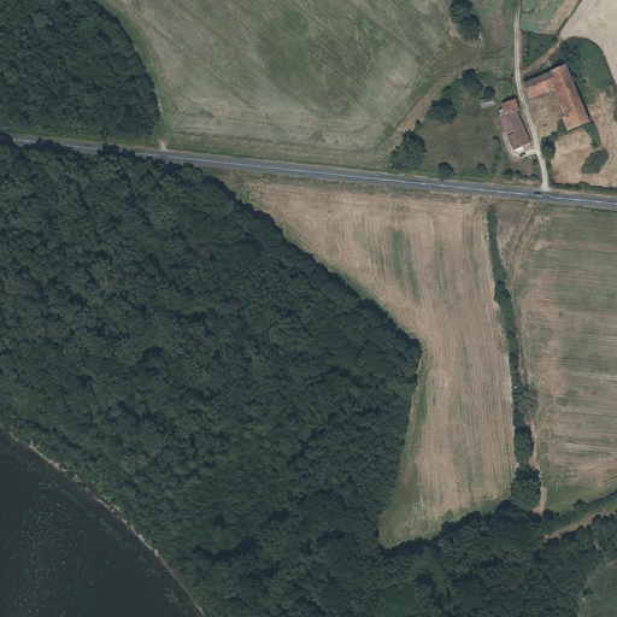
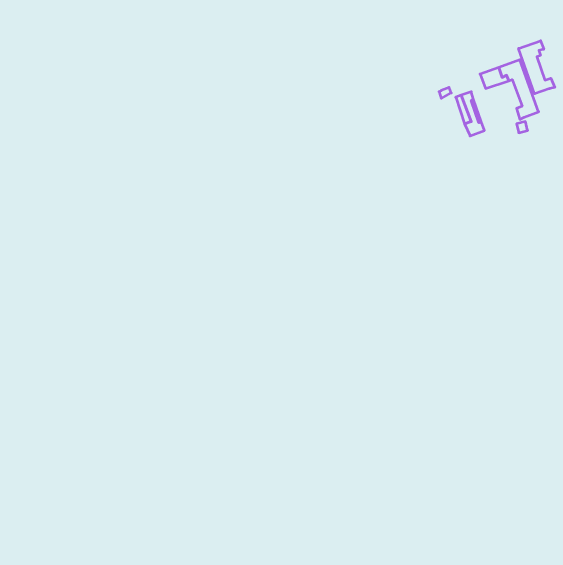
building: none -> [519,41,555,94]

